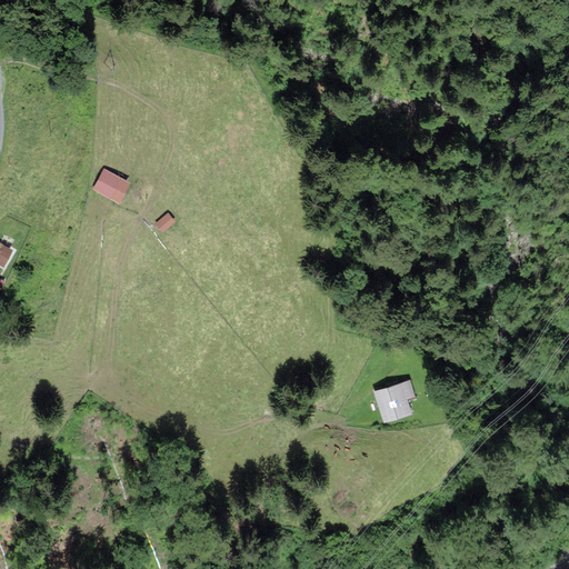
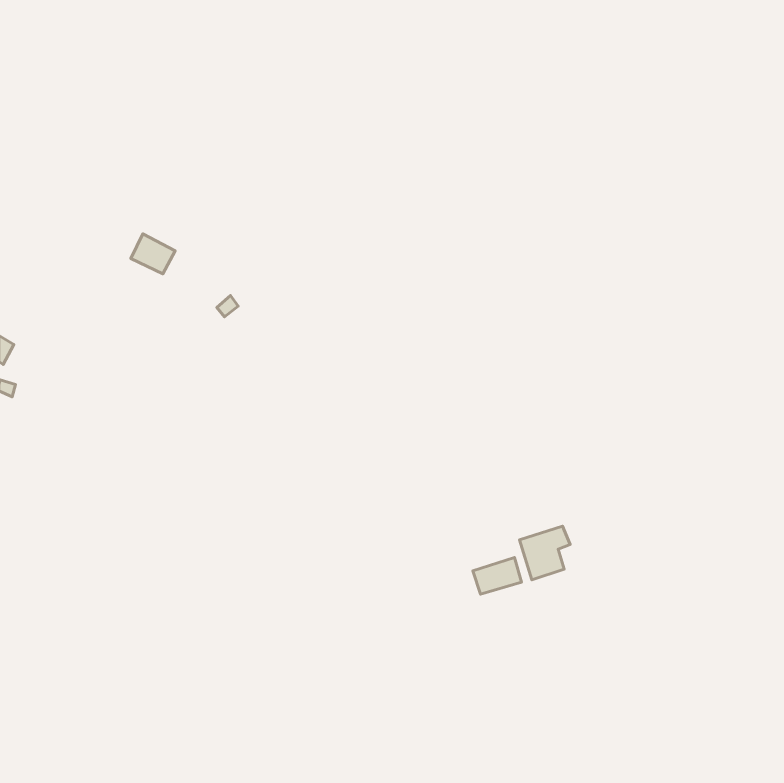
building: none -> [473,557,522,594]

